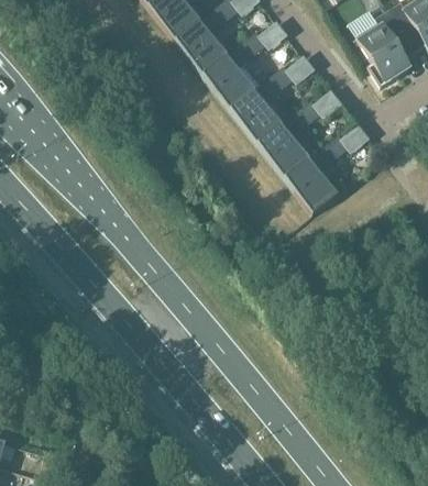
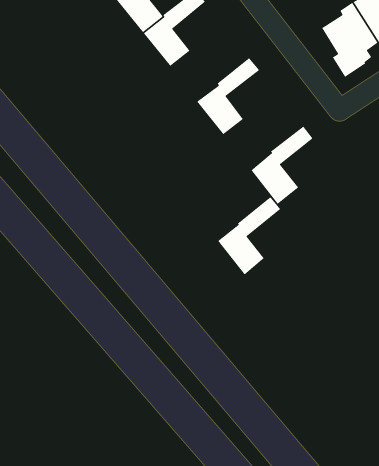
building: [205,30,268,109] -> none
building: [259,98,323,178] -> [217,196,281,275]

